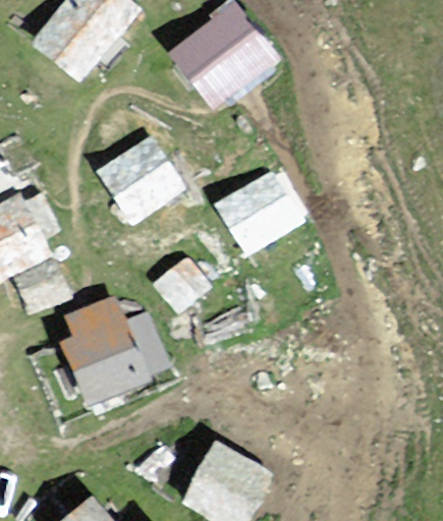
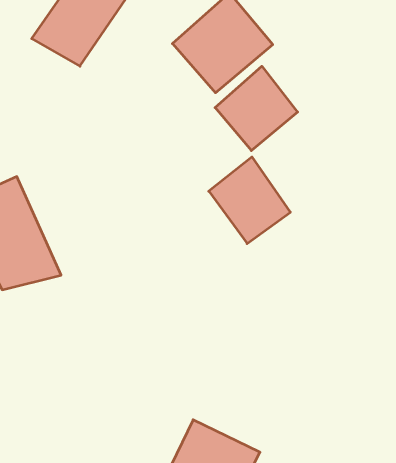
building: none -> [215,66,298,151]
building: [95,142,180,229] -> none
building: [60,303,146,384] -> none

